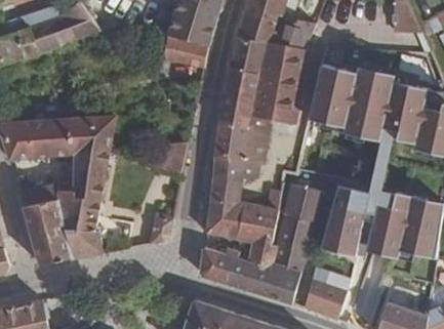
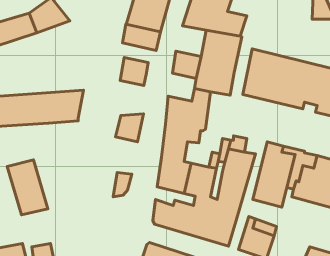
building: [227,37,264,74] -> none
building: [217,94,251,128] -> [120,57,148,85]
building: [18,152,109,258] -> none

